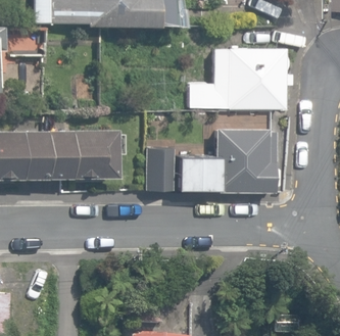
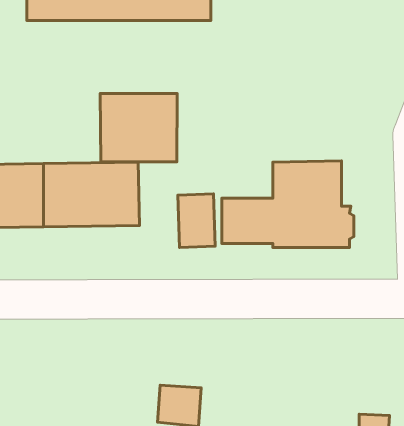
building: [192,48,291,109] -> none
building: none -> [100,93,177,162]

